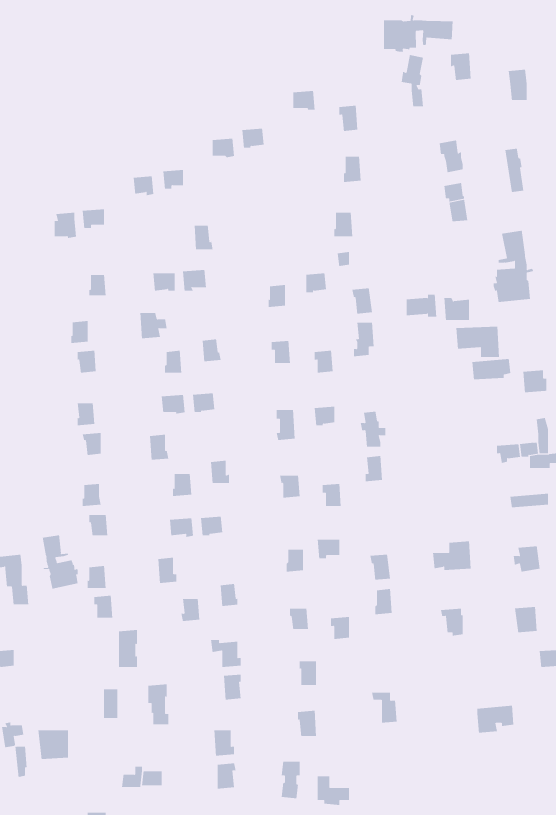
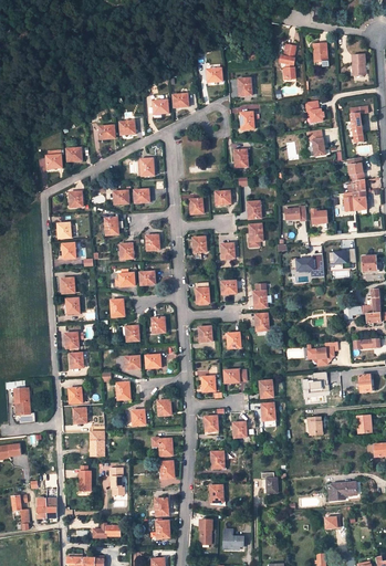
building: [383,14,453,52] -> none
building: [455,326,500,357] -> [293,255,323,276]
building: none -> [306,342,337,366]
building: [42,534,78,589] -> none

